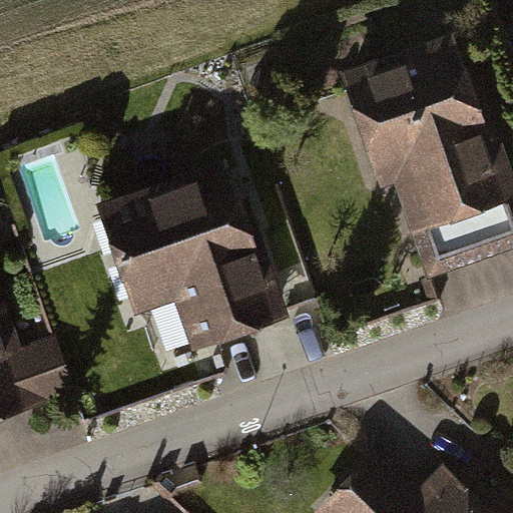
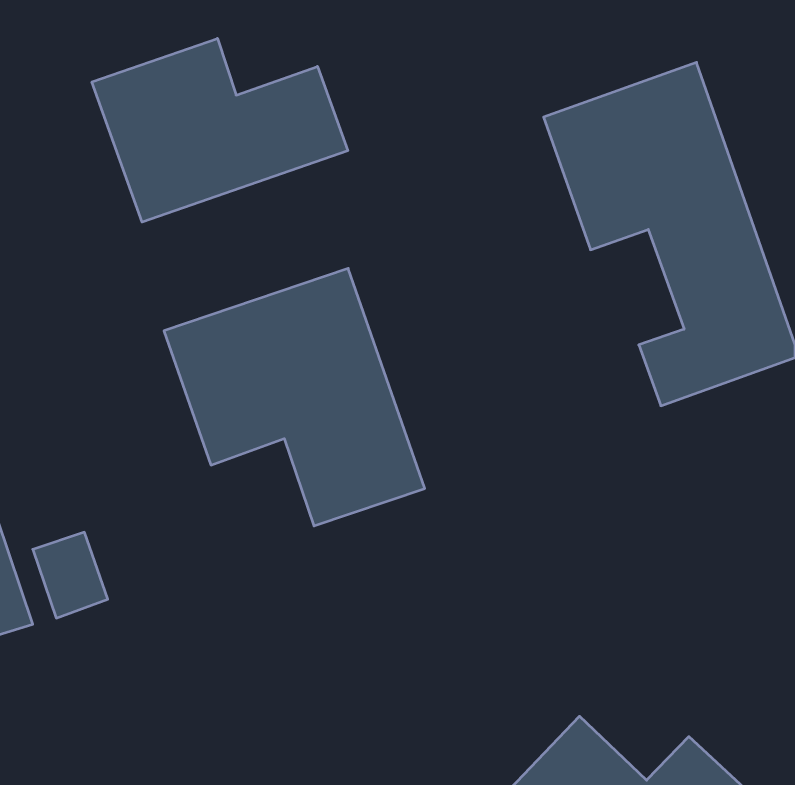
building: none -> [92,38,348,222]

